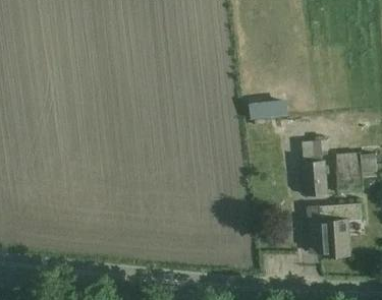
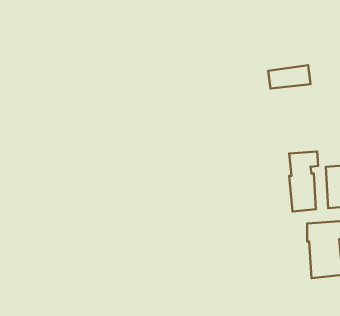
building: [248,98,286,119] -> [268,65,310,89]

